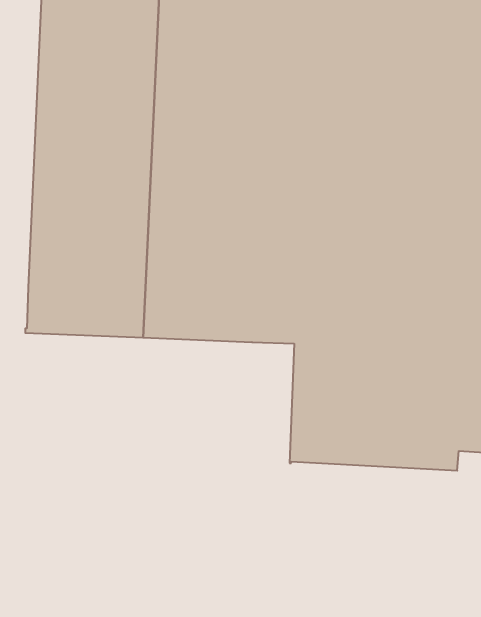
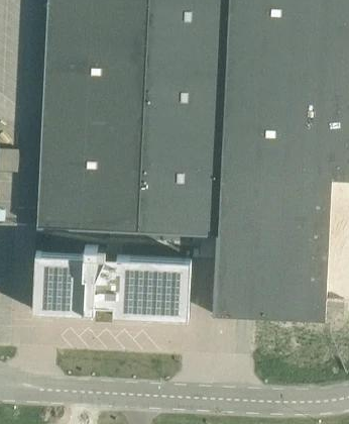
building: none -> [33,245,191,317]

